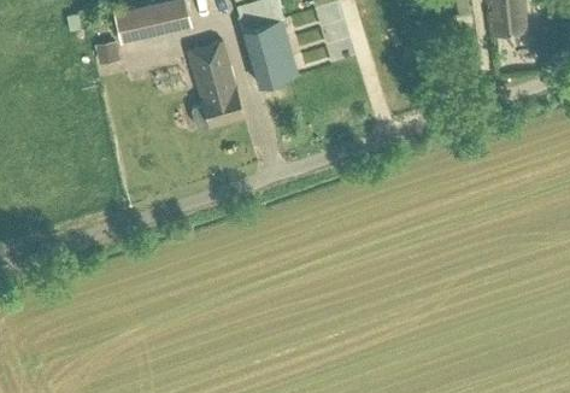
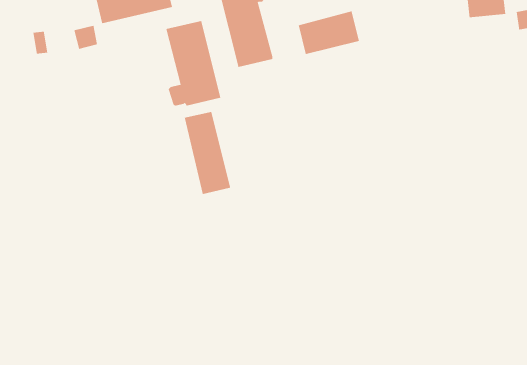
building: none -> [298,11,360,55]
building: none -> [184,111,231,195]

